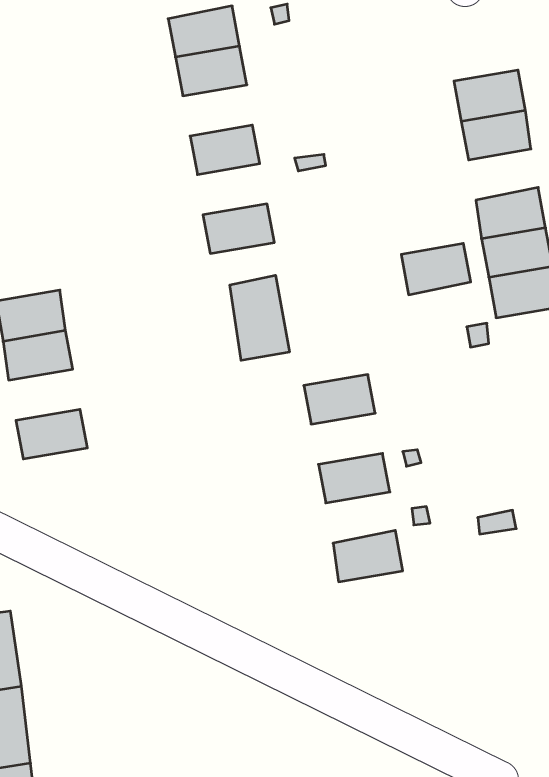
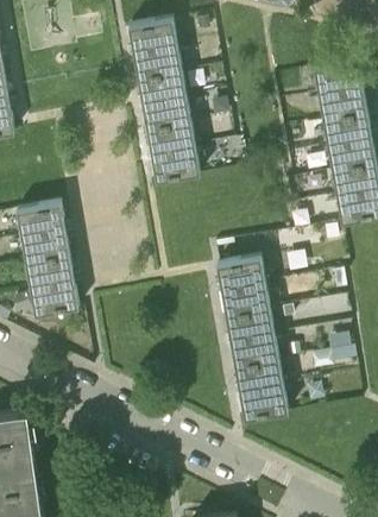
building: none -> [138,67,183,100]
building: none -> [147,118,193,151]
building: [401,243,471,295] -> [323,108,368,141]
building: [230,275,289,360] -> none
building: none -> [25,251,71,284]
building: none -> [221,279,267,313]
building: none -> [231,330,276,364]
building: none -> [239,382,285,415]

